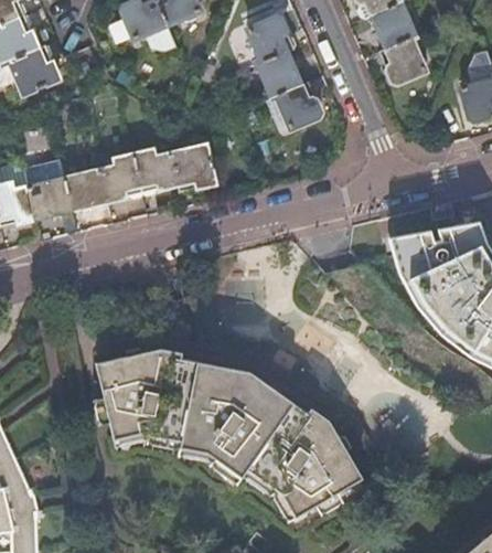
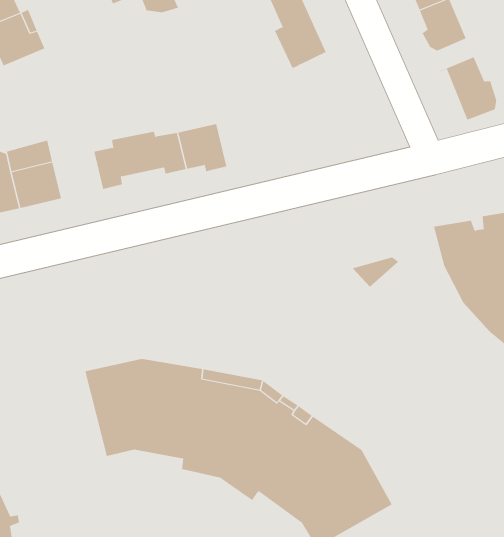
building: [280,85,322,129] -> none
building: none -> [439,57,497,121]
building: [66,171,109,212] -> none

